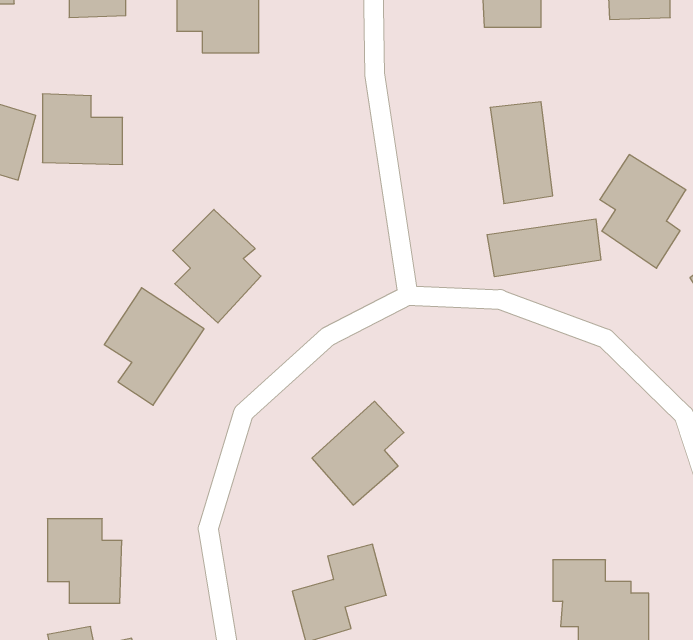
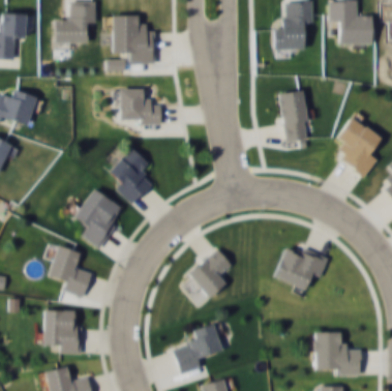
building: [42,94,123,164] -> [120,88,162,125]
building: [487,219,601,277] -> none
building: none -> [49,244,95,298]
building: none -> [273,245,330,291]

